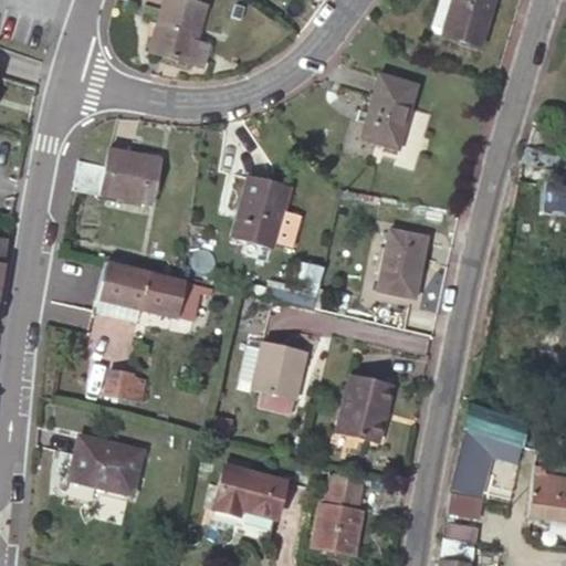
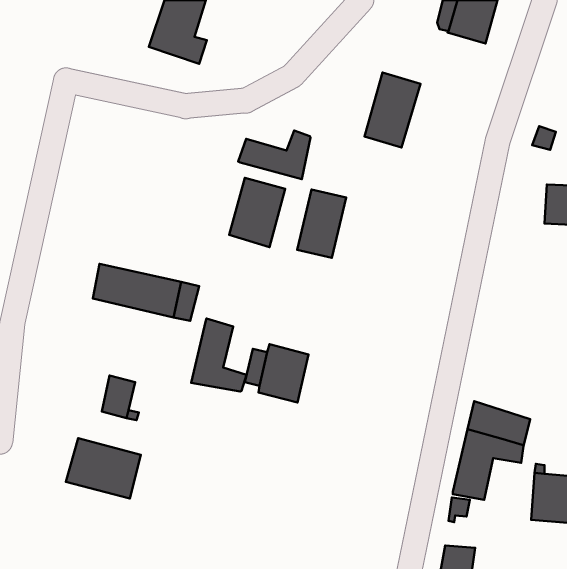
building: none -> [238,131,310,179]
building: [75,149,164,207] -> none
building: [381,229,430,296] -> [297,190,346,258]
building: none -> [191,319,247,391]
building: [339,377,391,439] -> none
building: [217,467,286,516] -> none
building: [313,473,361,554] -> none

